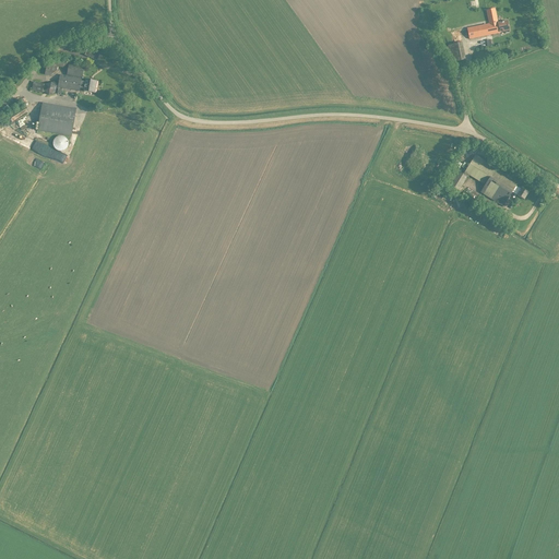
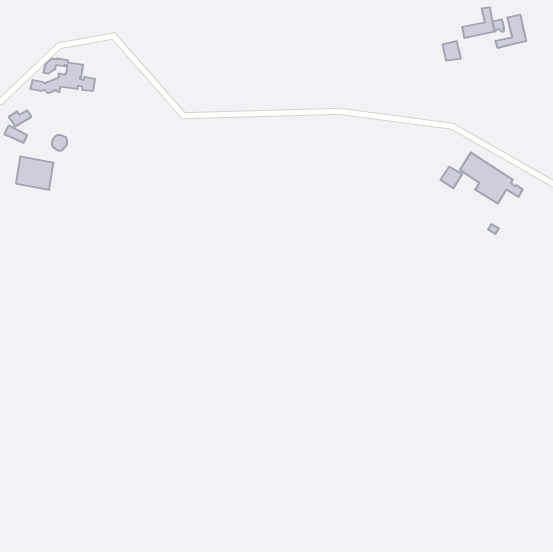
building: none -> [495,15,526,48]
building: [37,103,75,136] -> [16,156,54,190]

